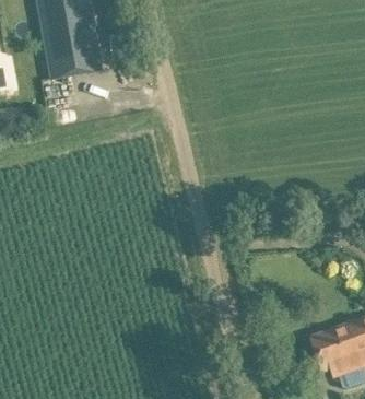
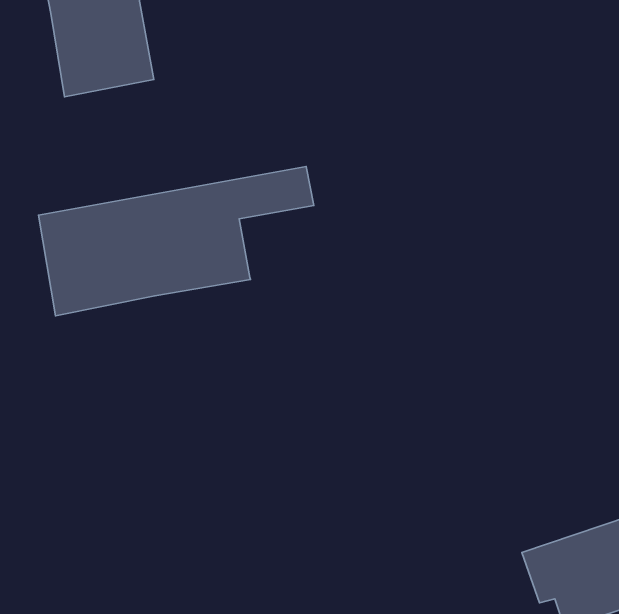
building: none -> [39,166,314,316]

